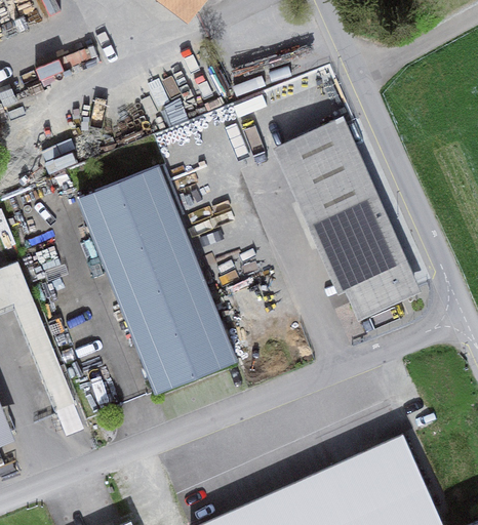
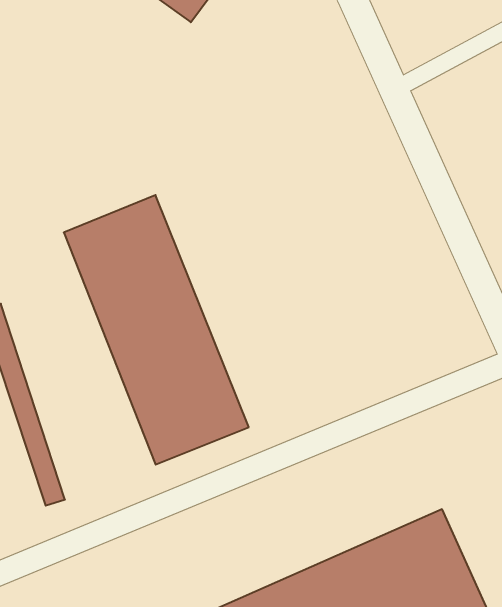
building: [272,118,420,320] -> none

